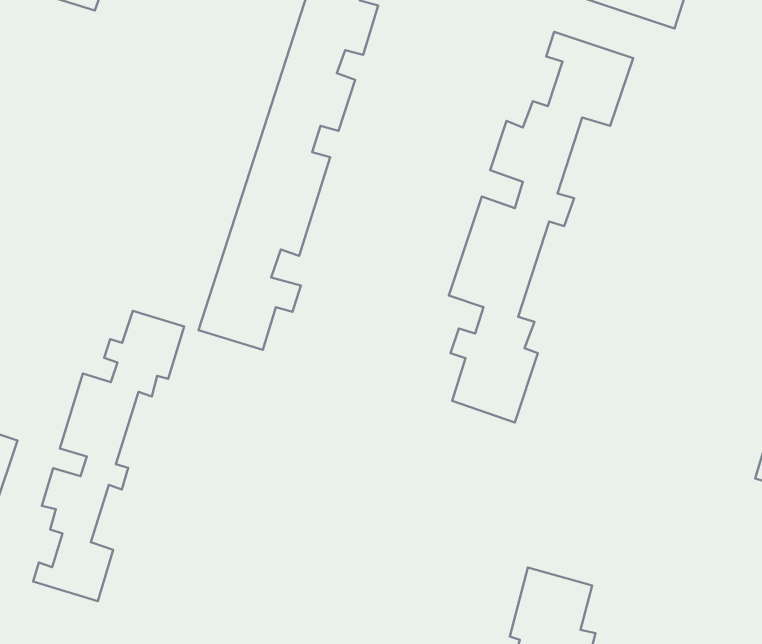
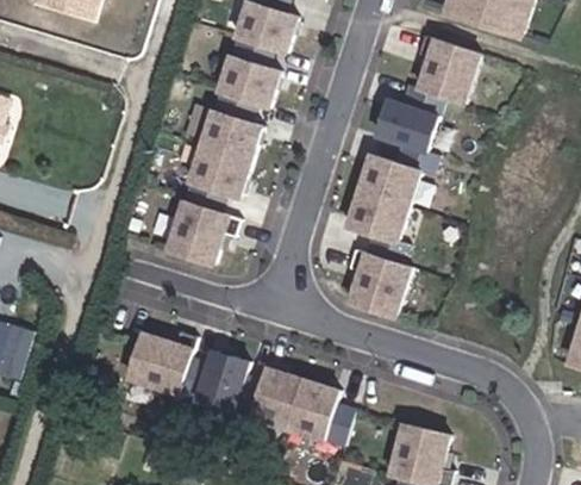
building: [33,311,184,601] -> none
building: none -> [130,331,356,446]

